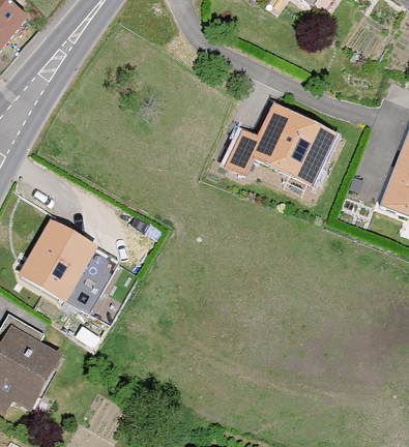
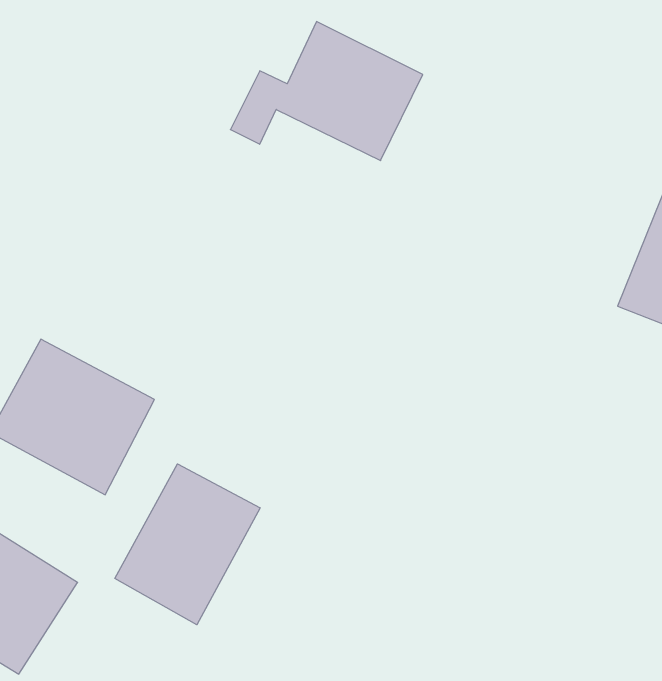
building: [224,103,332,182] -> [230,22,423,161]
building: none -> [115,464,260,625]

